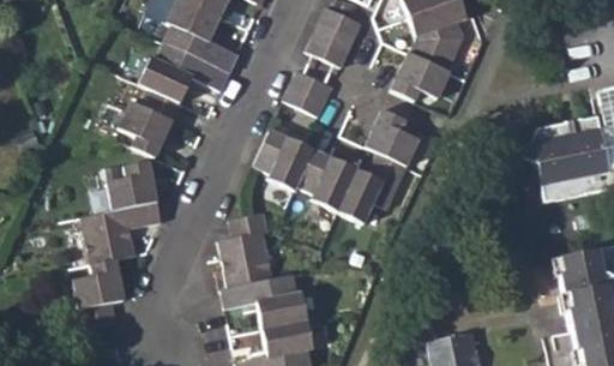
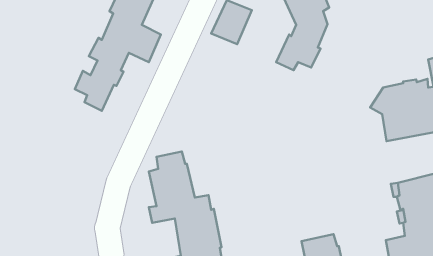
building: [282,73,331,118] -> none
building: [251,114,425,228] -> none
building: [72,160,161,325] -> none

